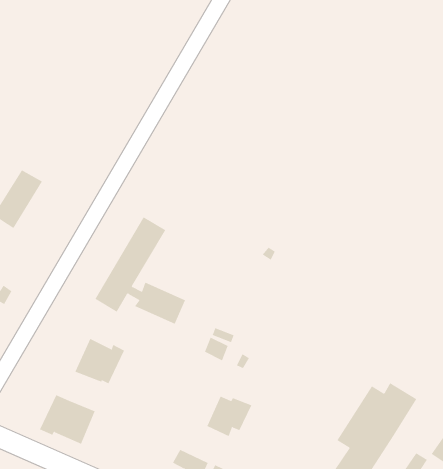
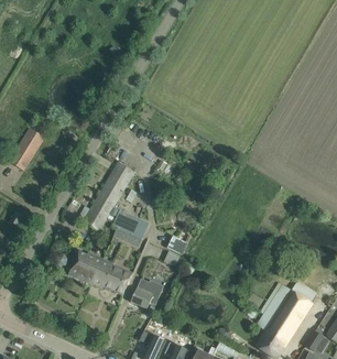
building: [39,394,95,445] -> [91,259,132,295]
building: [206,396,252,437] -> [130,279,163,308]

